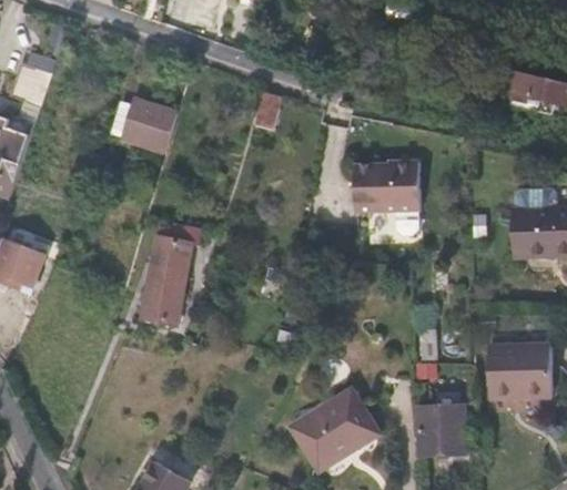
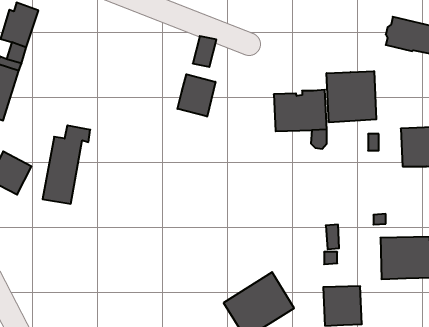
building: [108,100,174,164] -> none
building: none -> [327,71,376,122]
building: none -> [177,74,215,117]
building: [140,224,200,323] -> [43,125,90,204]

